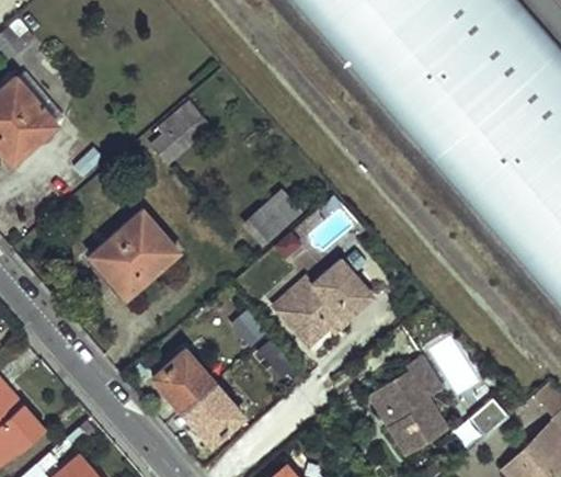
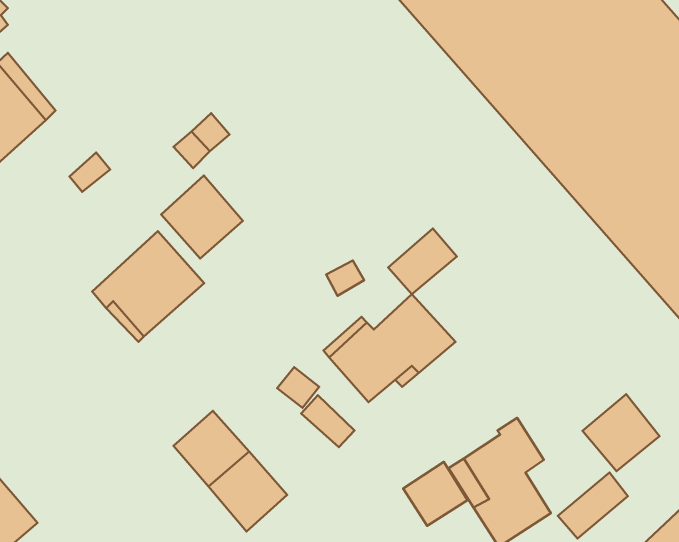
building: none -> [161,176,243,258]
building: [243,192,297,243] -> [388,228,457,294]
building: none -> [582,394,660,471]
building: none -> [403,462,467,526]

